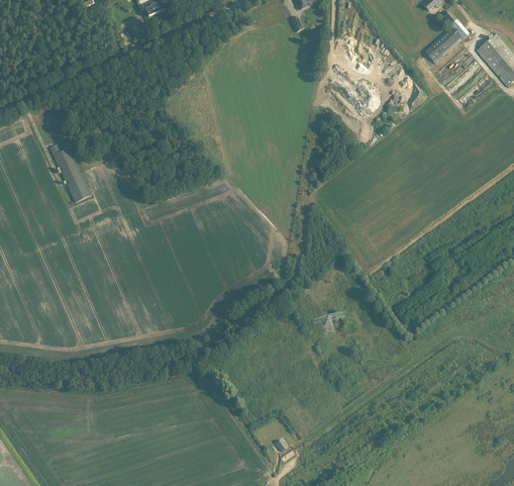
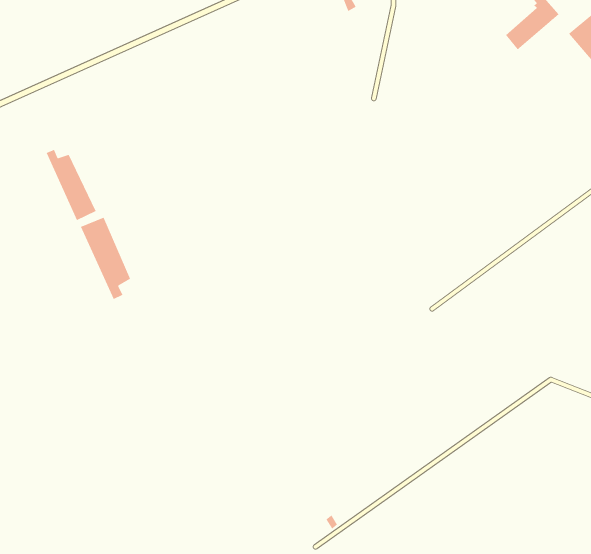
building: none -> [80,217,131,300]

